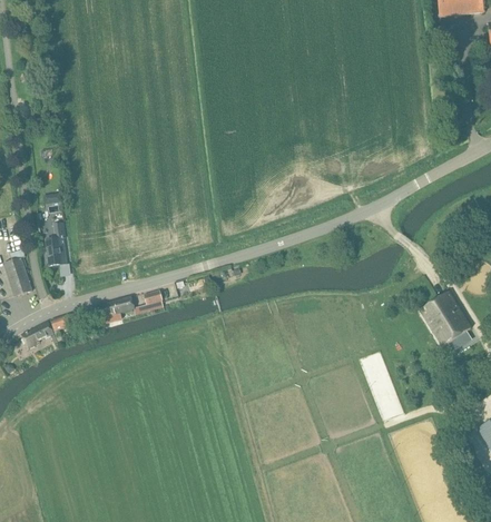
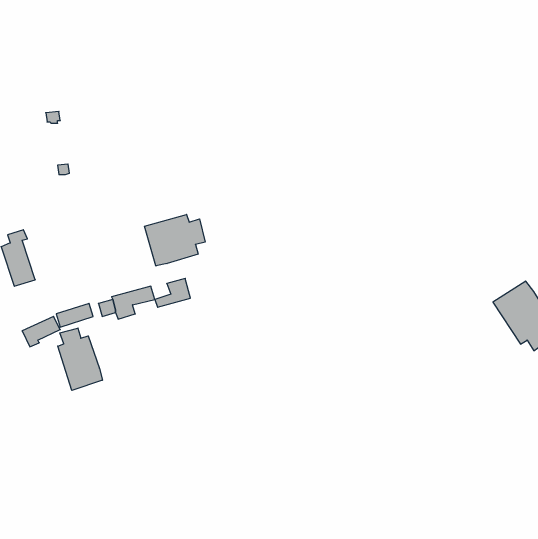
building: [46,223,67,266] -> none
building: none -> [144,214,205,266]
building: none -> [58,328,102,390]

